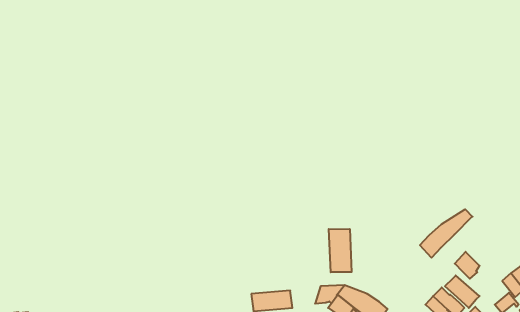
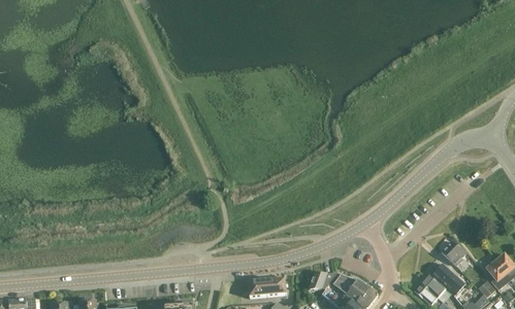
building: [420,209,473,258] -> none
building: [329,229,352,272] -> none

